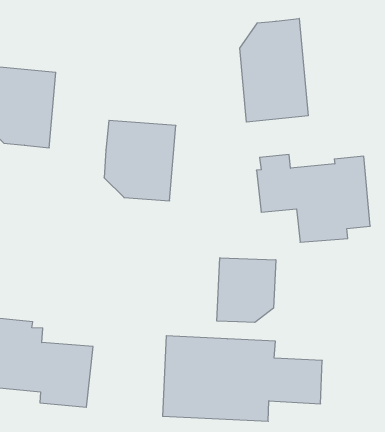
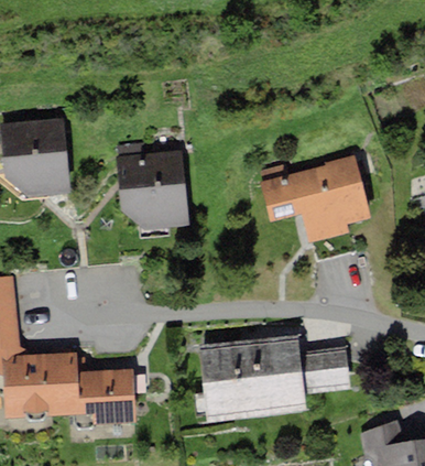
building: [240,18,308,122] -> none
building: [217,258,276,322] -> none

